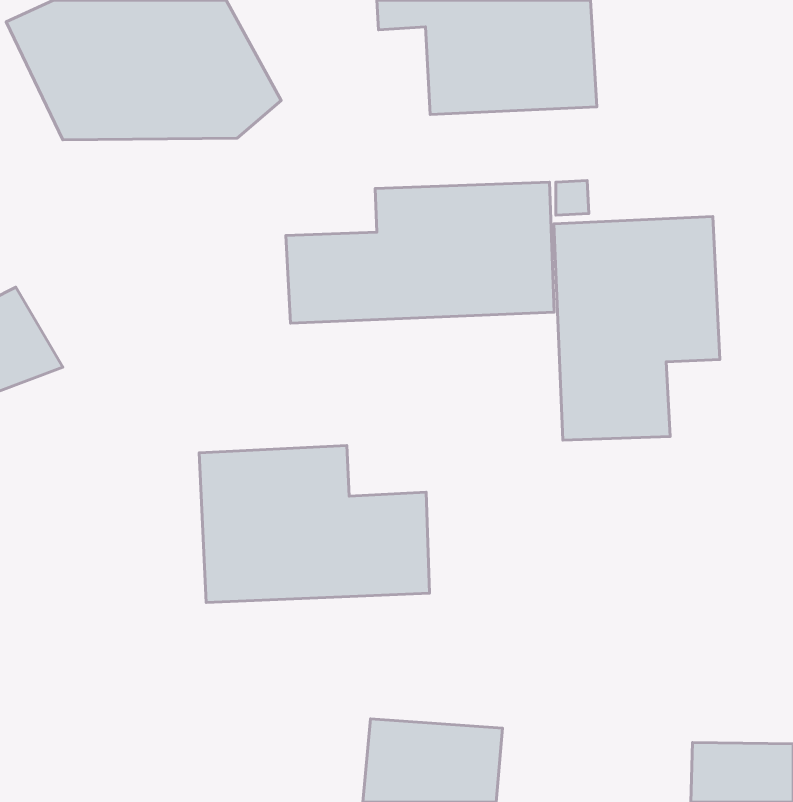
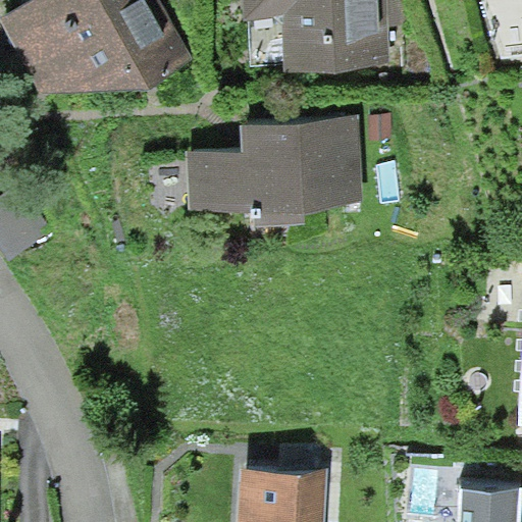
building: [554,217,720,440] -> none
building: [199,446,430,603] -> none

